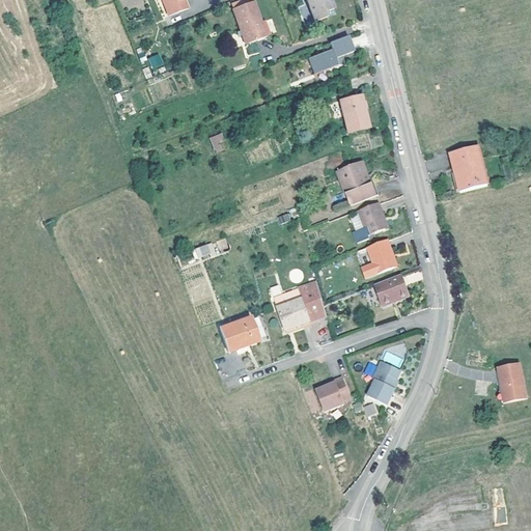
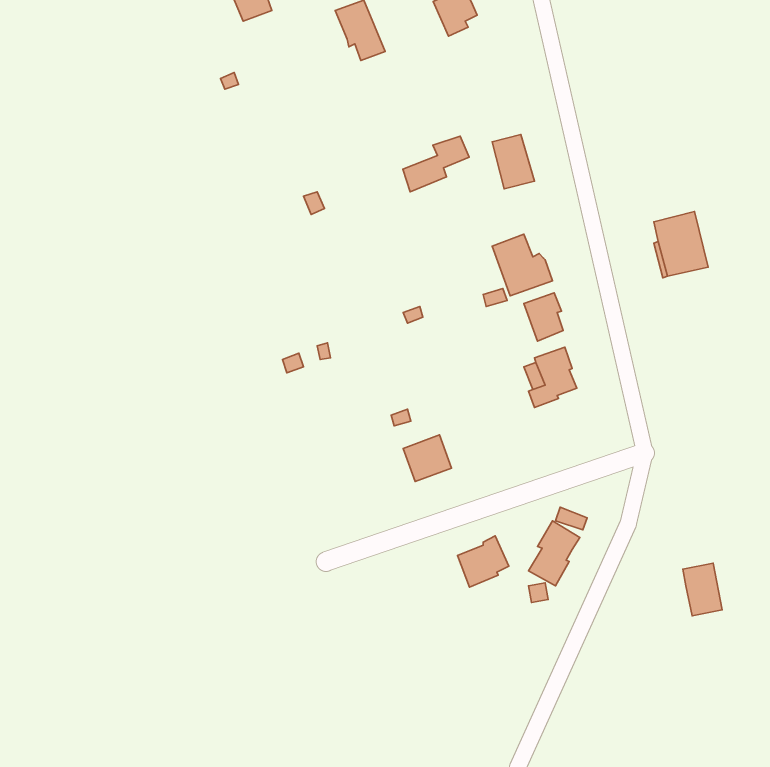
building: [304,35,350,74] -> [403,136,469,192]
building: [376,274,412,305] -> none
building: [299,281,327,322] -> none
building: [221,316,259,351] -> none
building: [498,363,525,399] -> [683,563,722,616]

